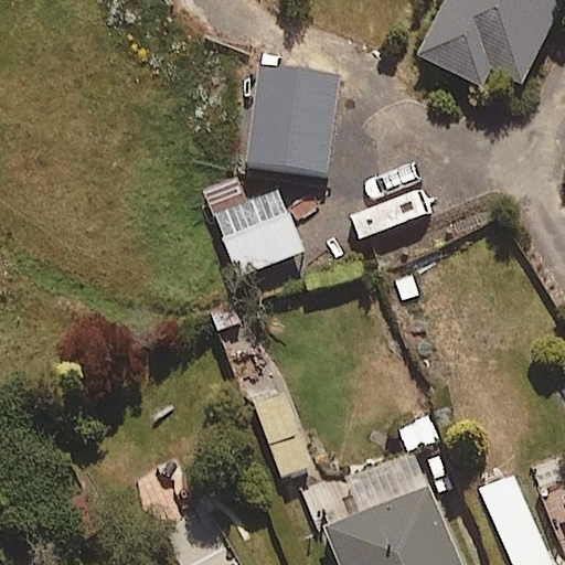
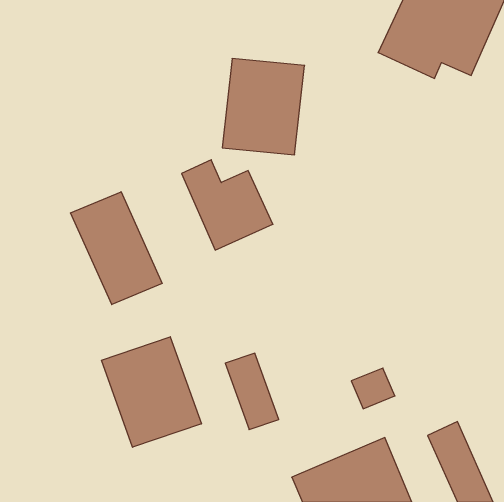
building: none -> [71,192,162,305]
building: none -> [101,337,201,447]

